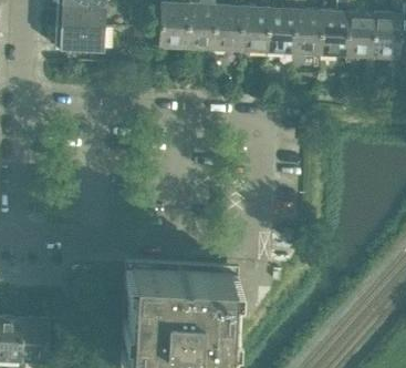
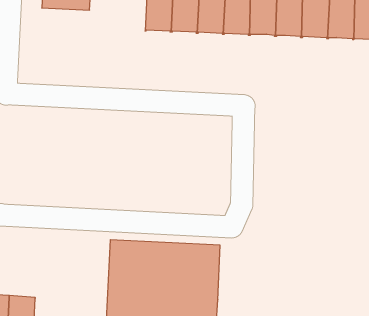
building: [54,23,104,50] -> none

